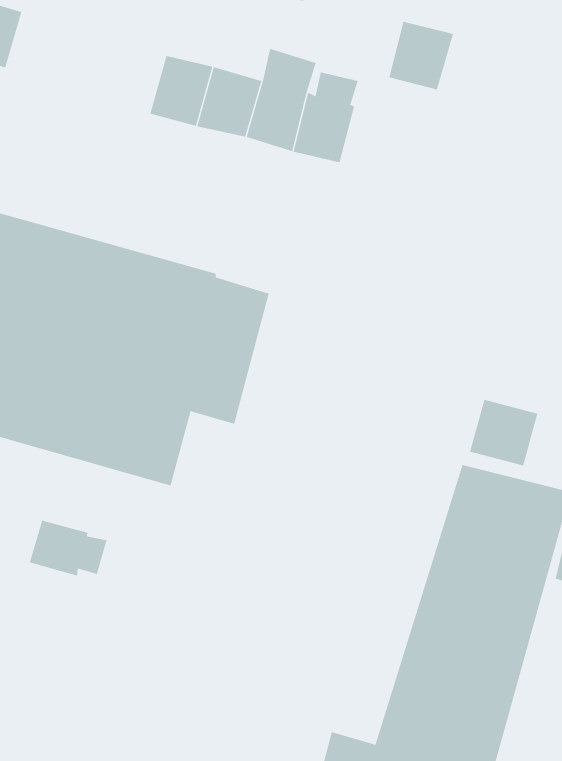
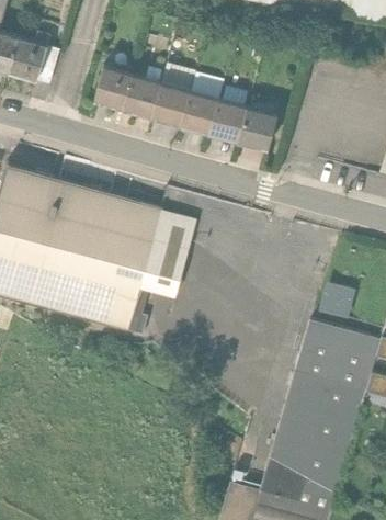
building: [388,21,454,90] -> [238,103,277,145]
building: none -> [93,64,133,108]
building: [29,520,107,577] -> none

